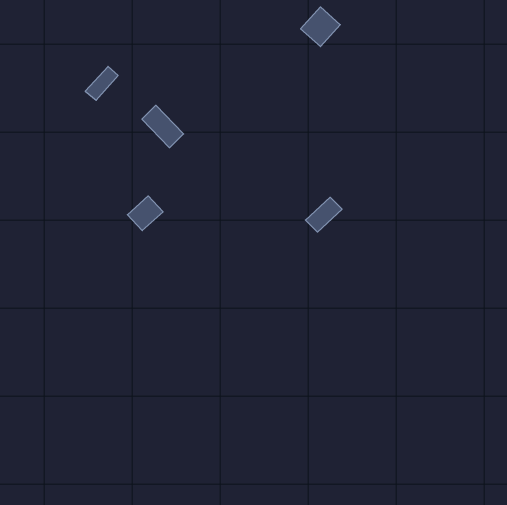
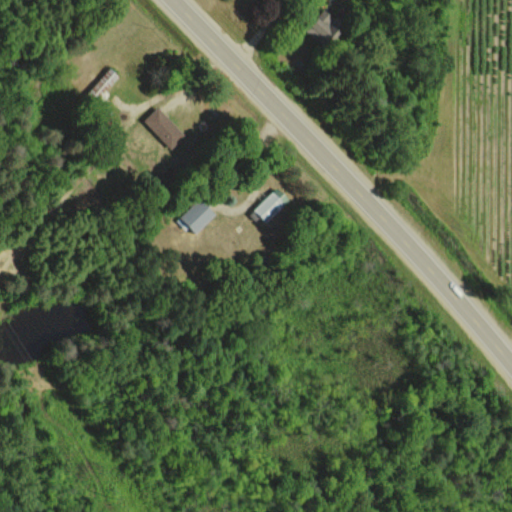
building: [127,196,163,231] -> [179,199,215,234]
building: [305,197,342,232] -> [252,188,289,223]

